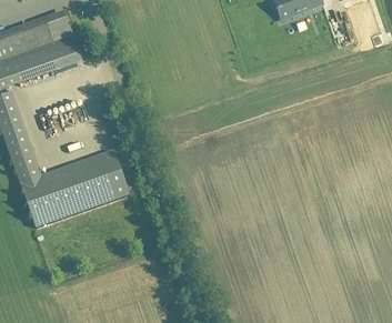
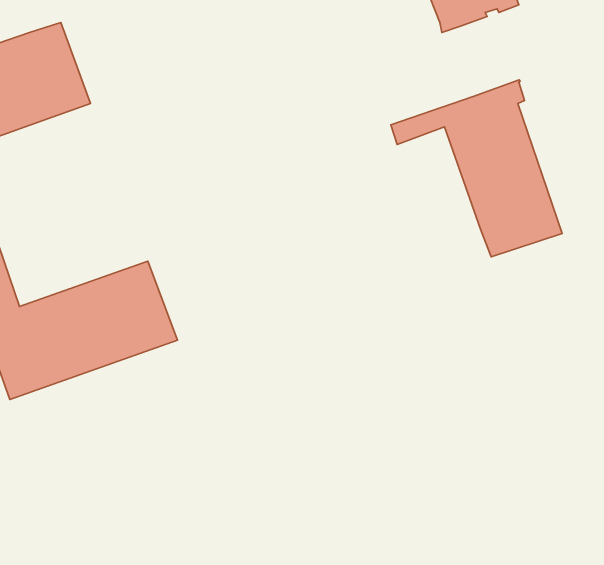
building: none -> [391,80,562,257]

